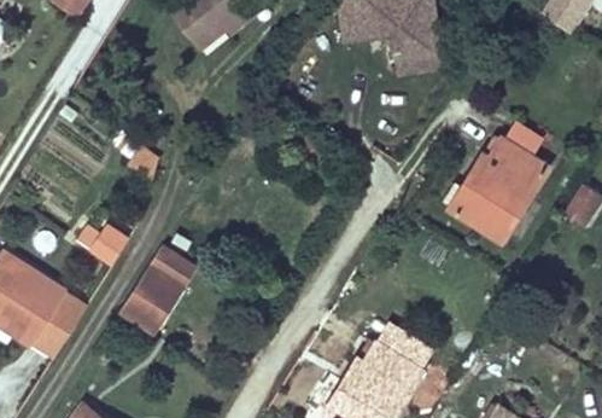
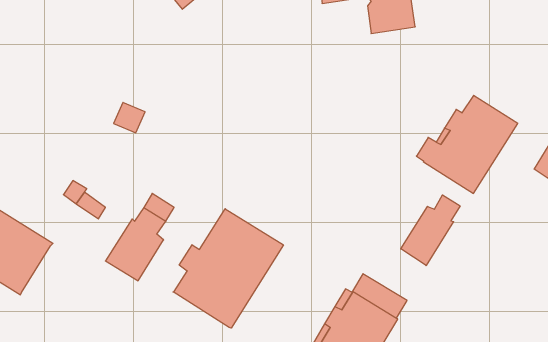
building: none -> [401,195,460,266]
building: none -> [173,209,283,328]
building: [33,294,86,355] -> none

